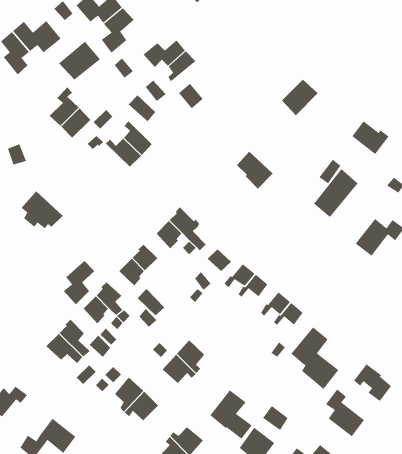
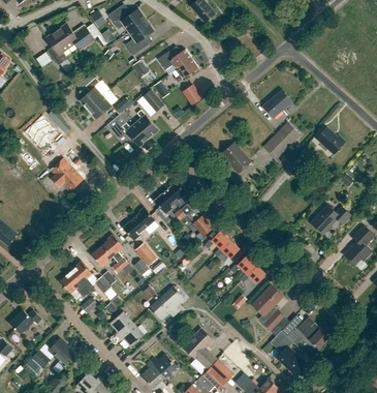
building: [58,41,101,81] -> none
building: [313,168,358,218] -> [263,121,301,159]
building: [63,260,95,305] -> none

